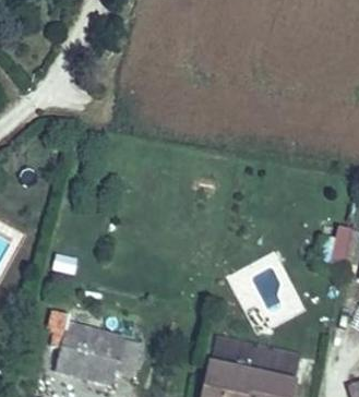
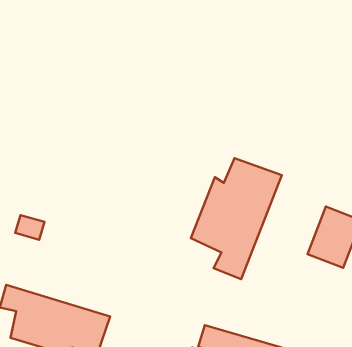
building: none -> [191,158,282,279]

